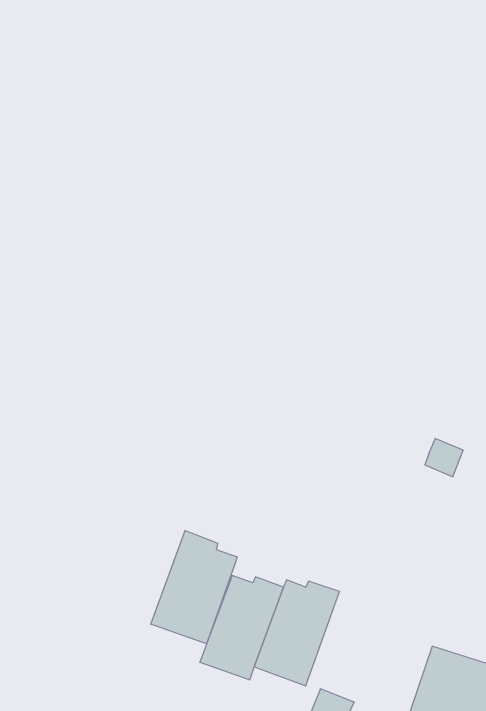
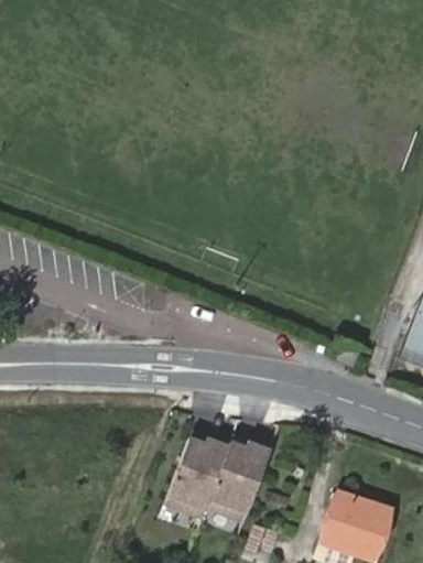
building: [151,530,237,644] -> none

